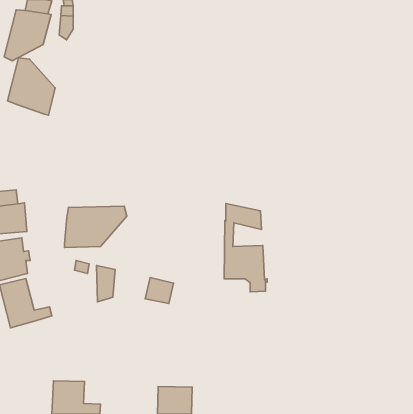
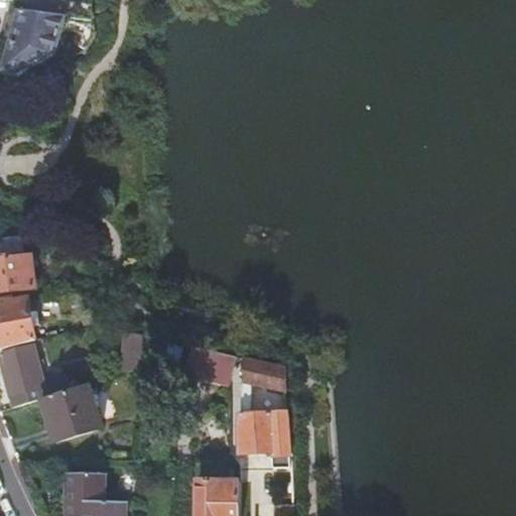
building: [7,58,55,115] -> none
building: [224,203,267,292] -> [238,358,291,468]
building: [65,206,127,248] -> none
building: none -> [41,385,101,442]

